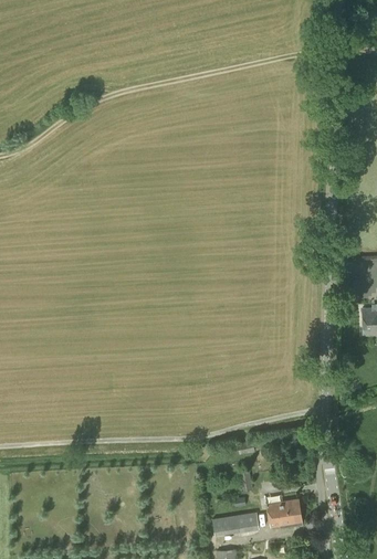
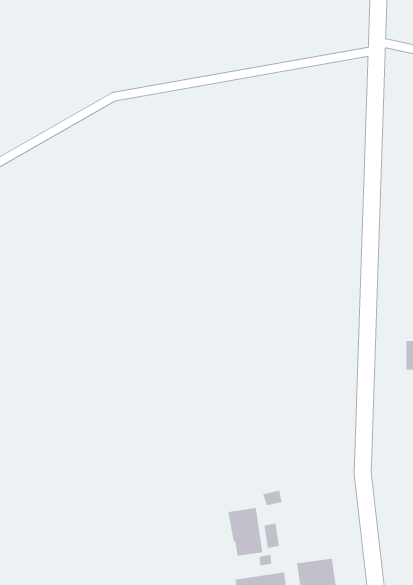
building: none -> [228,507,263,556]

